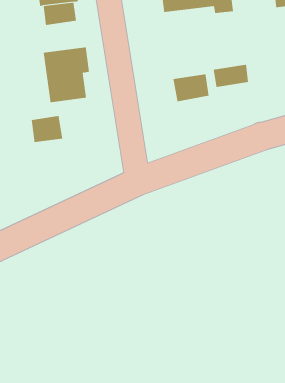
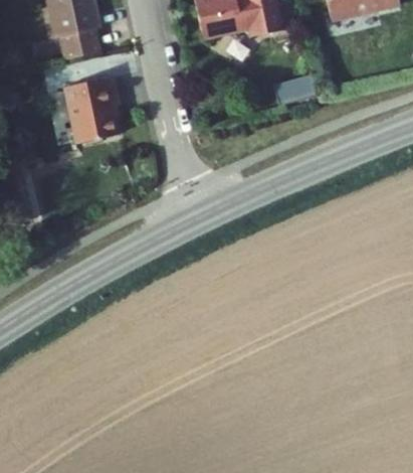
building: [173,73,209,102] -> none
building: [31,115,63,143] -> none

